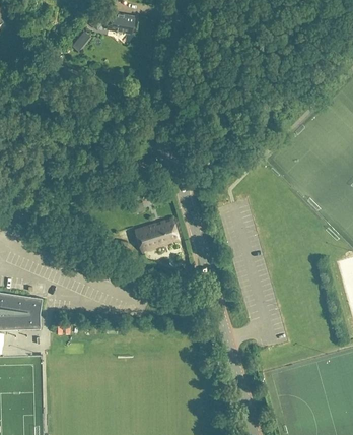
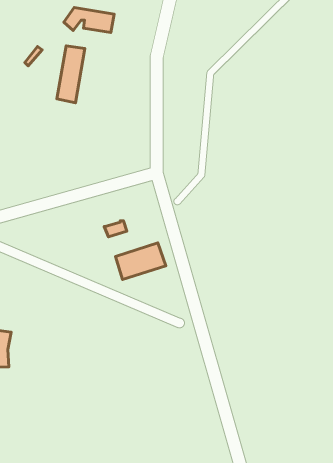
building: none -> [57,46,85,103]

